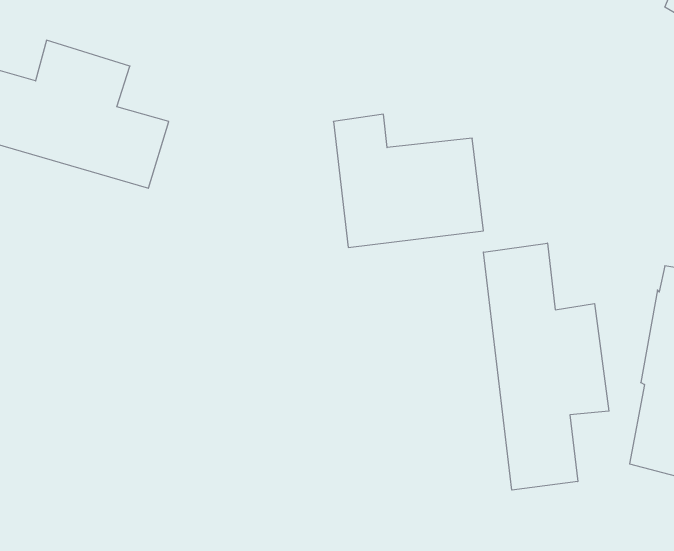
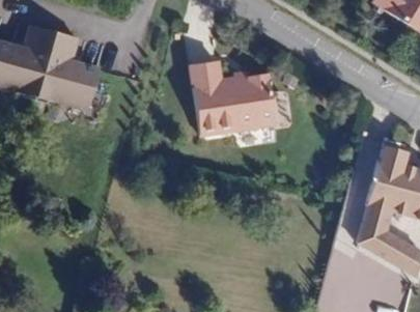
building: [483,243,609,490] -> none

